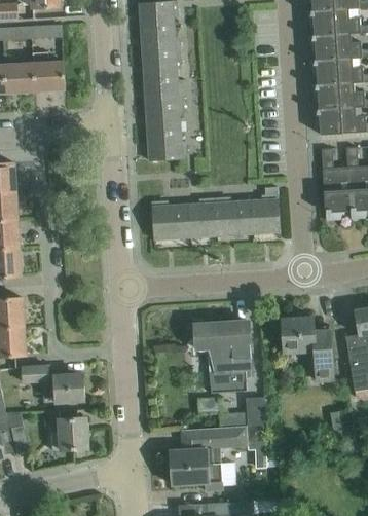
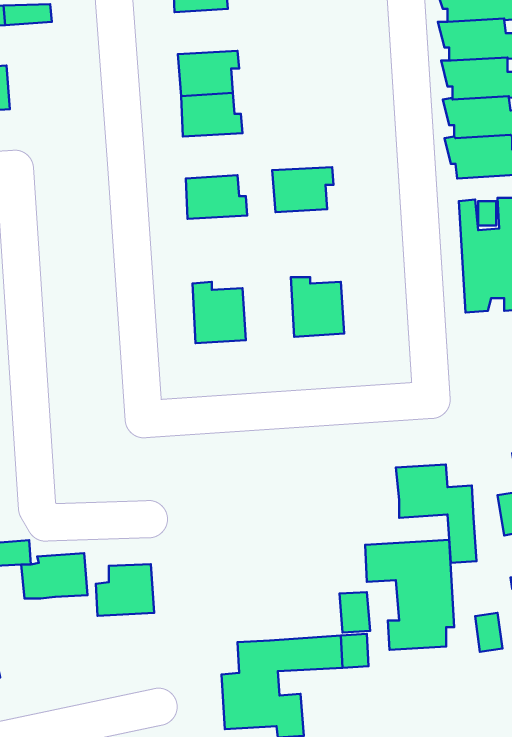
building: [141,27,181,56] -> none
building: [34,53,65,90] -> none
building: [146,106,185,135] -> [272,167,334,212]
building: [247,194,281,233] -> none
building: [184,197,217,237] -> none
building: [195,321,252,391] -> [365,540,454,650]
building: [51,417,88,450] -> [96,564,154,616]

